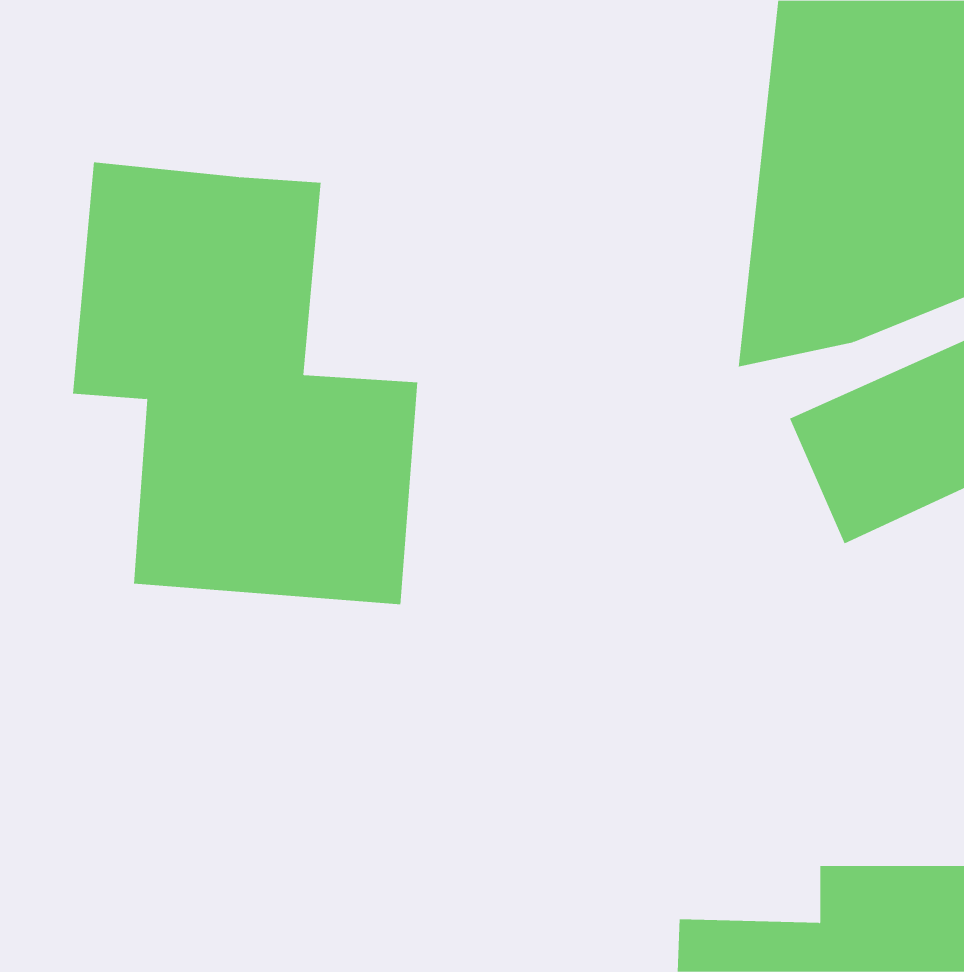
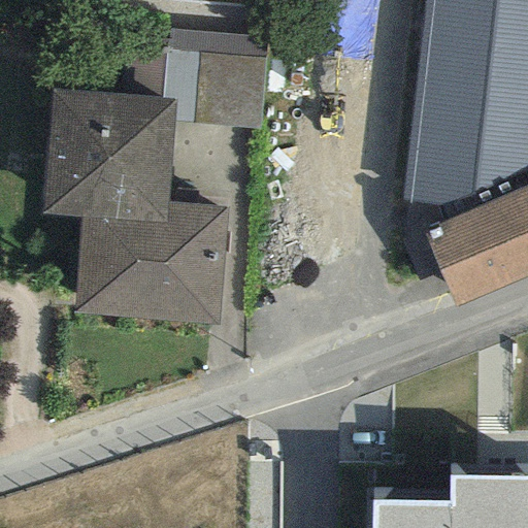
building: none -> [132,28,268,129]

